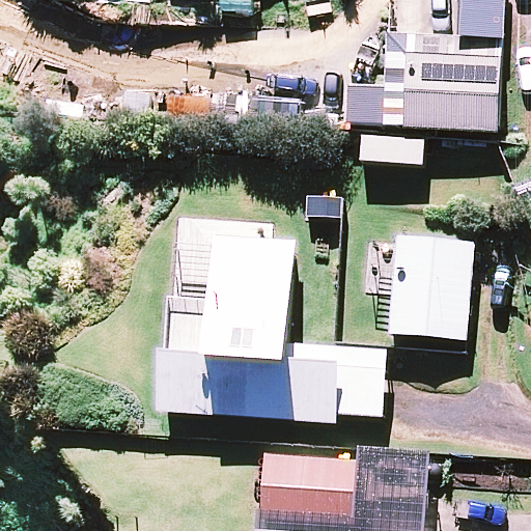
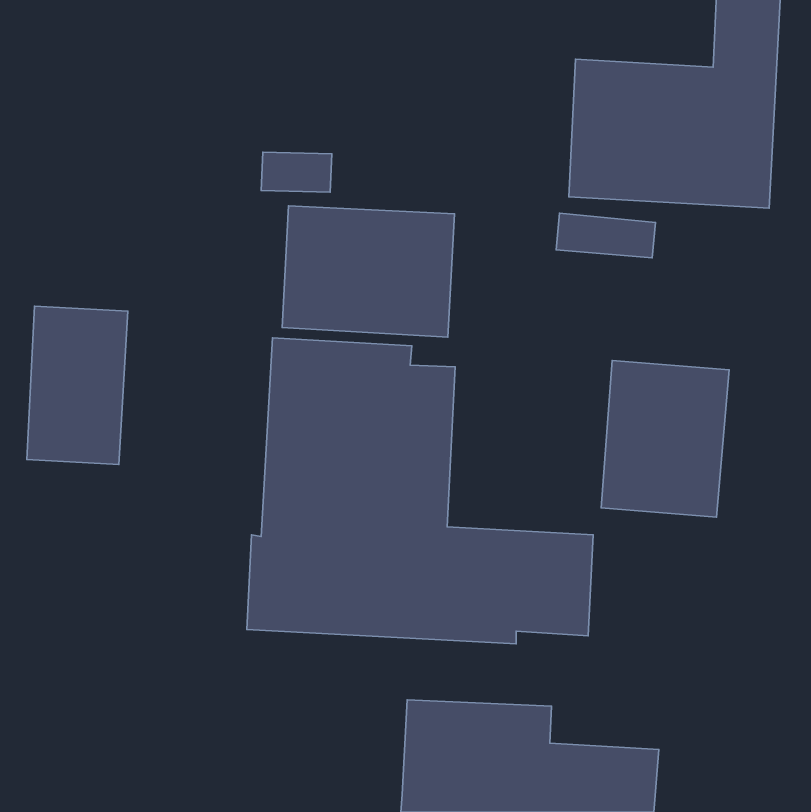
building: none -> [282,206,454,337]
building: none -> [27,306,128,464]

